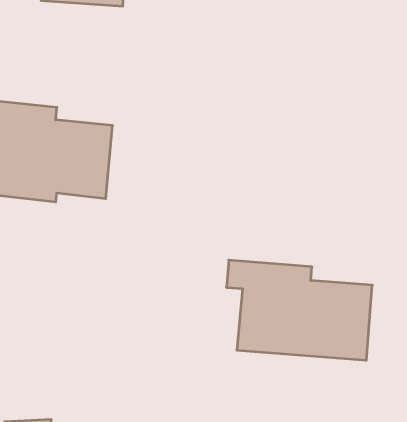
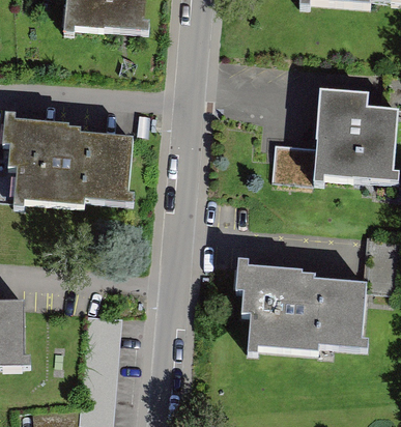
building: none -> [277,93,392,182]

